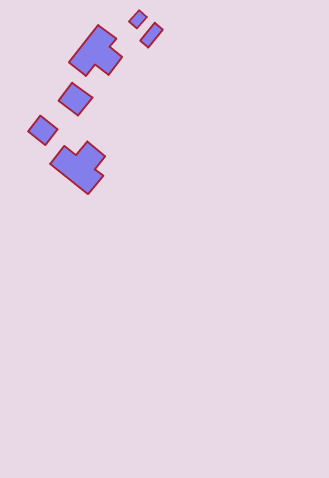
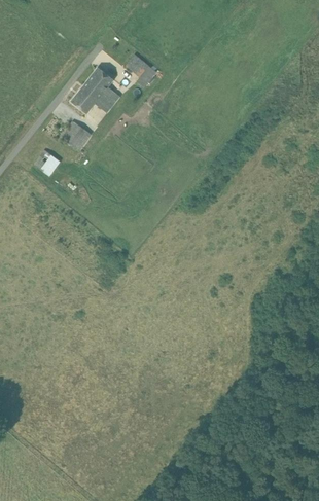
building: [50,141,105,194] -> none

